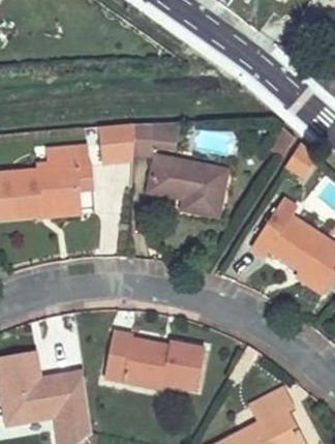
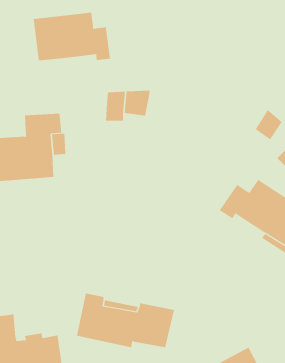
building: none -> [33,12,111,61]
building: [98,123,134,164] -> none
building: [147,154,227,214] -> none

